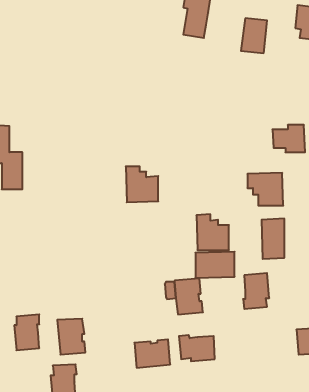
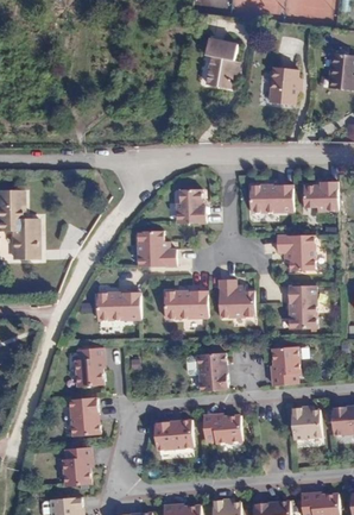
building: none -> [249,187,293,215]
building: none -> [178,189,207,224]
building: none -> [99,294,143,322]
building: [195,252,235,278] -> [166,293,209,321]
building: [14,314,39,350] -> [75,345,102,384]
building: none -> [289,406,320,438]

